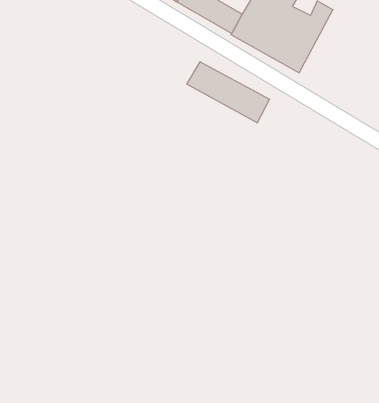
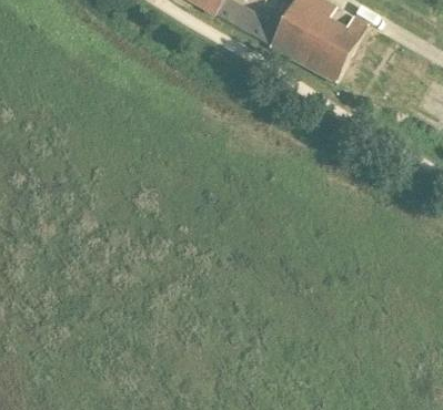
building: [187,62,270,123] -> none

